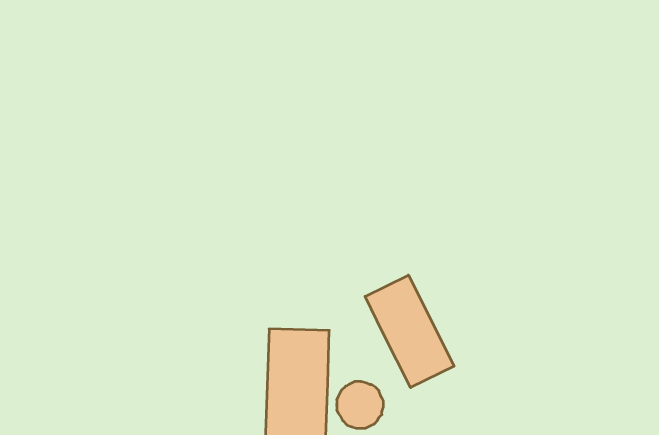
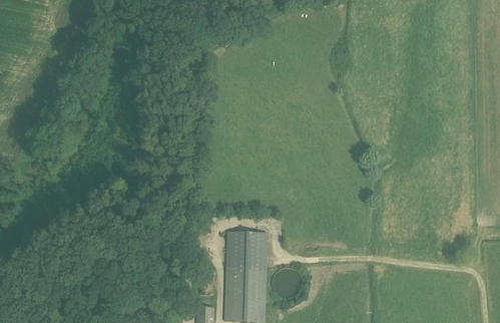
building: [365,275,454,388] -> none

